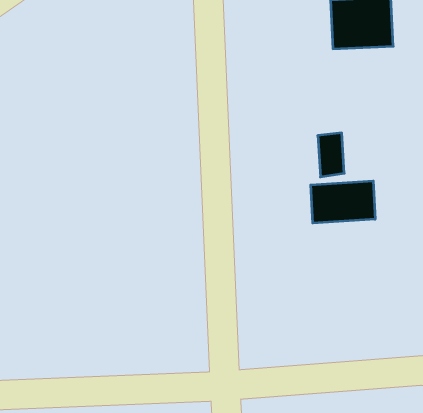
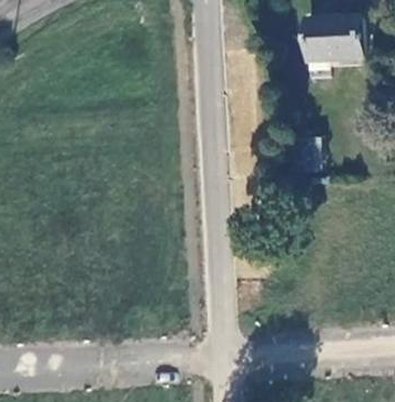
building: [311,181,375,223] -> none

